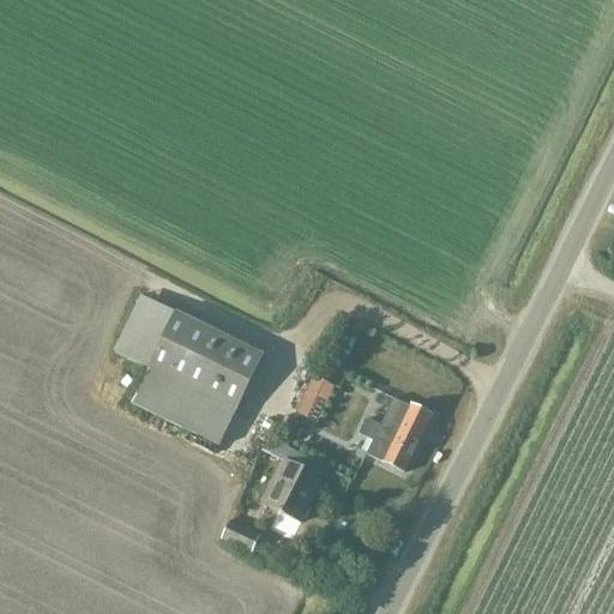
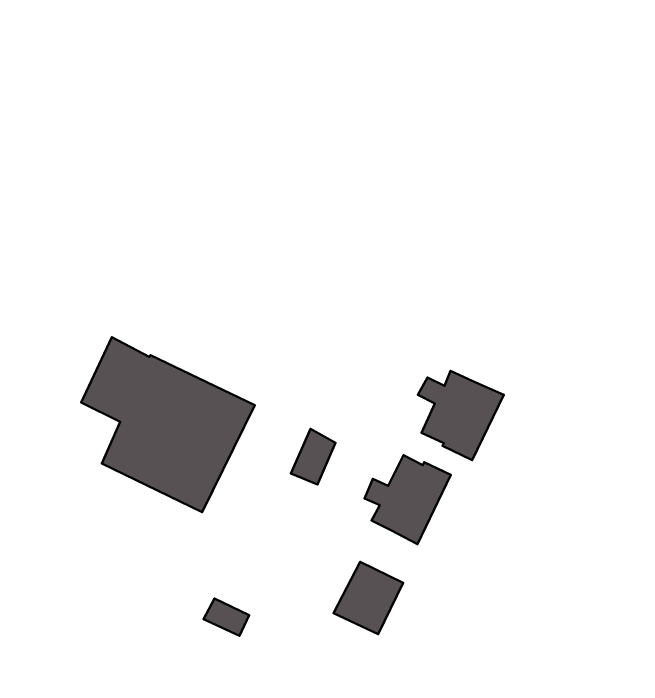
building: none -> [418,371,504,460]
building: [263,458,323,520] -> [334,562,403,634]

